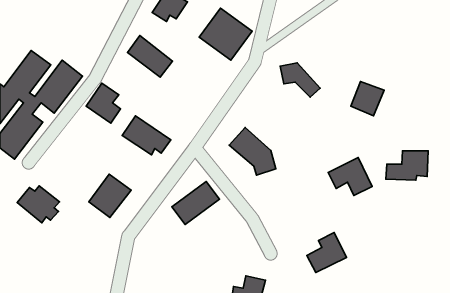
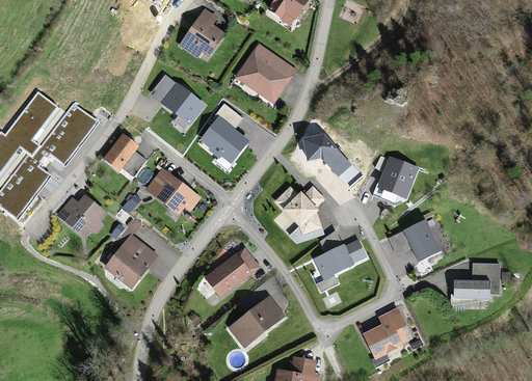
building: none -> [202,105,246,162]
building: [280,63,320,97] -> [303,135,350,175]
building: [351,81,384,116] -> [378,158,418,198]
building: [386,151,428,180] -> [450,264,500,298]
building: none -> [315,232,366,293]
building: [17,186,59,223] -> [55,194,105,238]
building: none -> [229,296,285,348]

